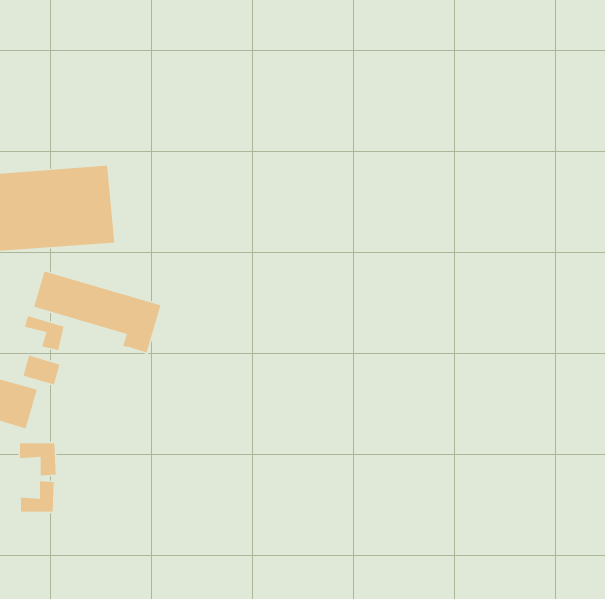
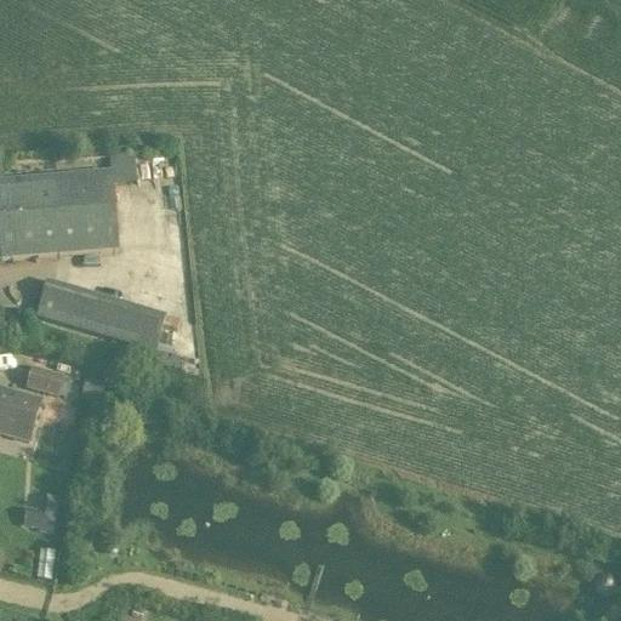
building: [24,315,65,351] -> none
building: [19,443,56,476] -> none

